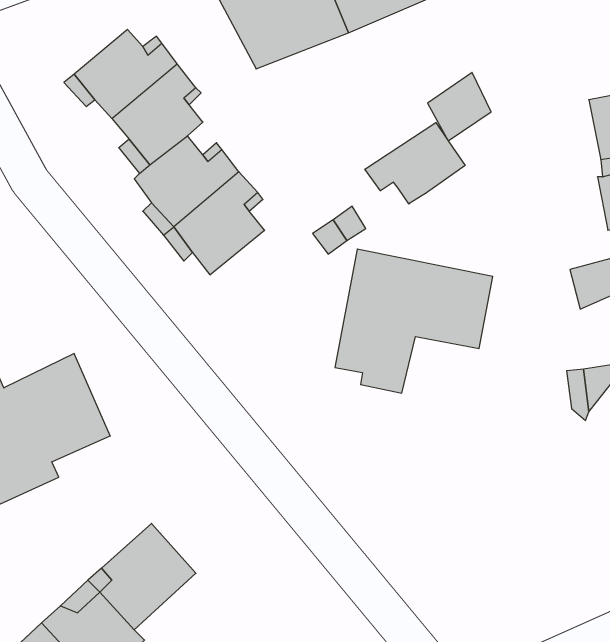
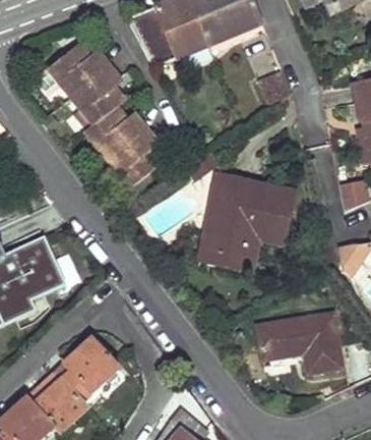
building: [365,122,465,204] -> none
building: none -> [197,225,287,271]
building: none -> [258,311,344,372]

